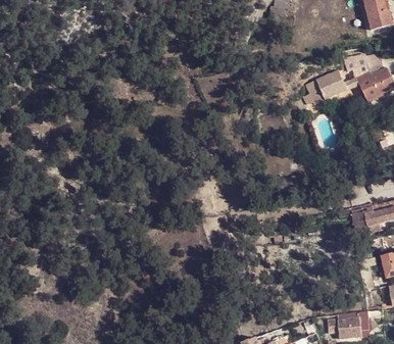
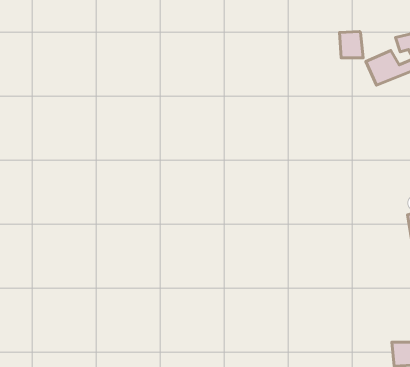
building: none -> [340,31,363,58]

